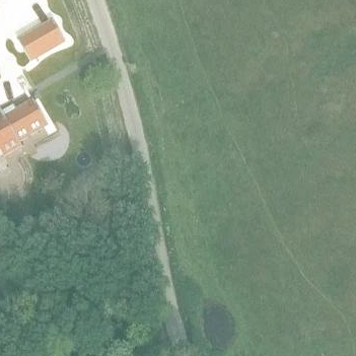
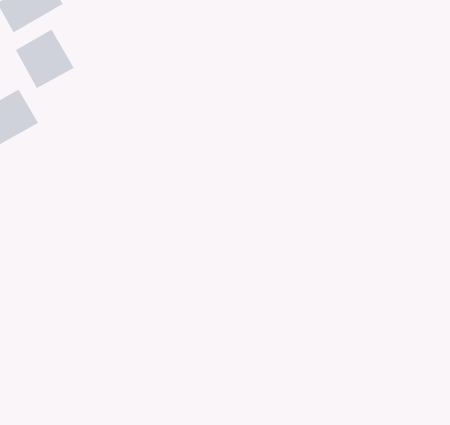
building: none -> [15,28,75,89]

